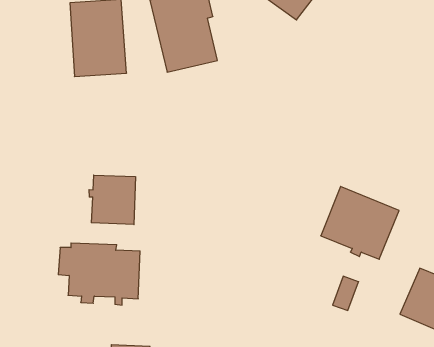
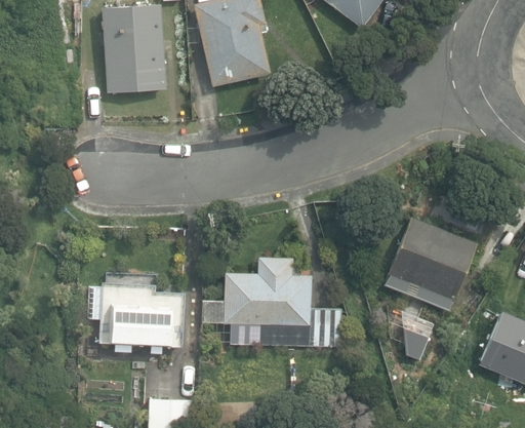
building: [89,175,135,225] -> none
building: none -> [202,257,342,346]

